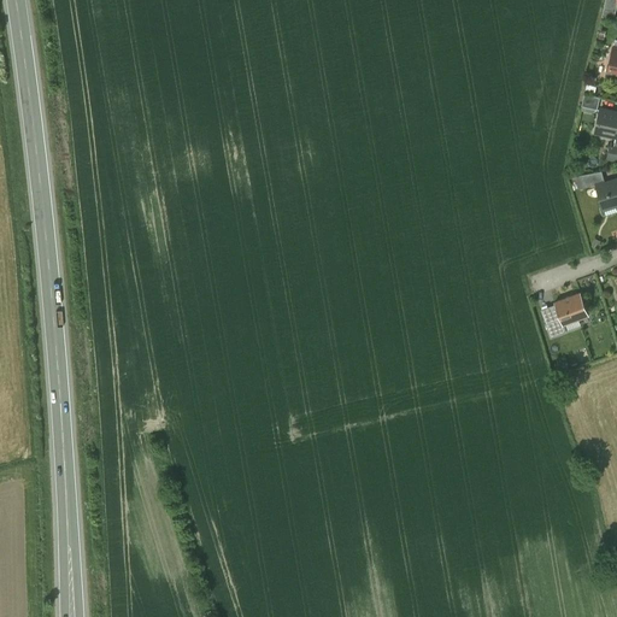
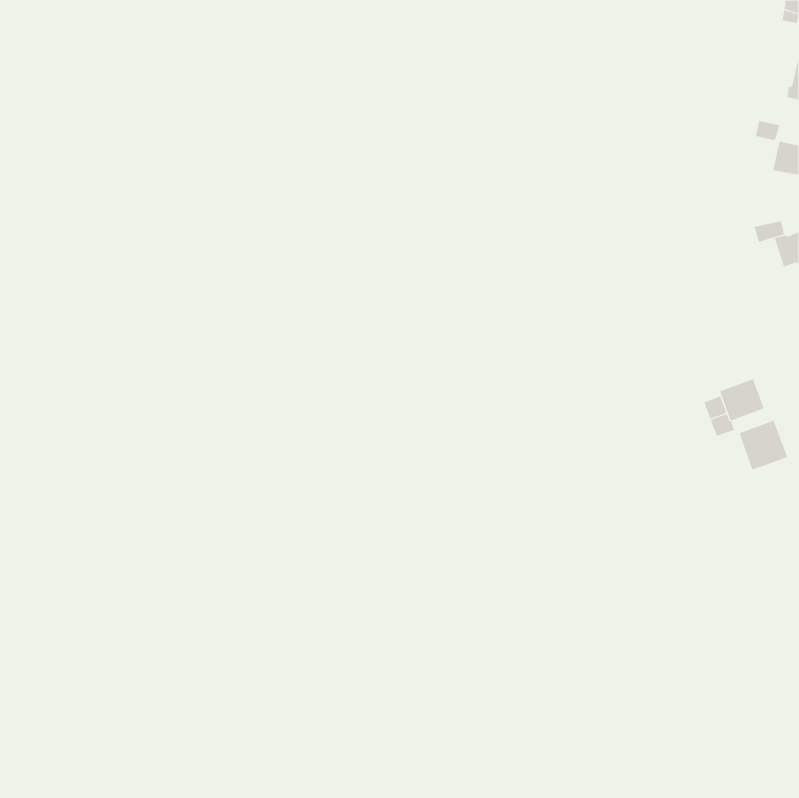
building: none -> [739,420,788,470]

